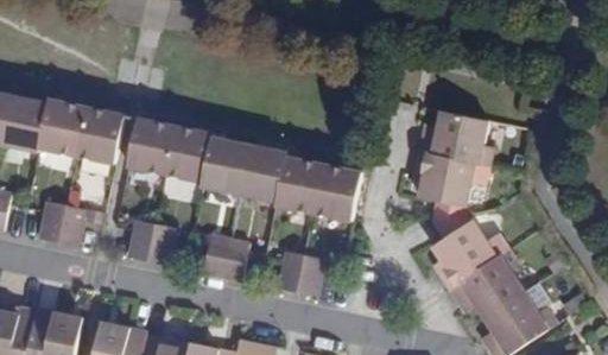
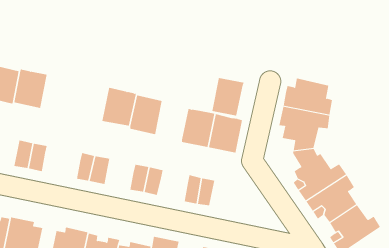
building: [77,109,125,164] -> none
building: [127,120,172,175] -> none
building: [239,146,285,201] -> [211,77,244,116]

